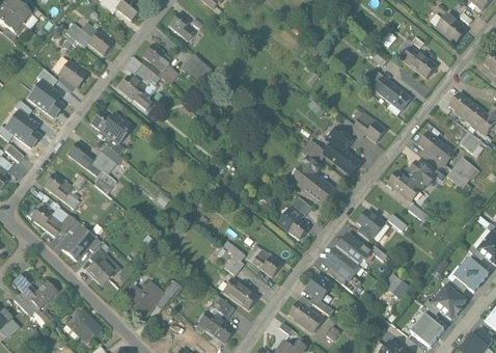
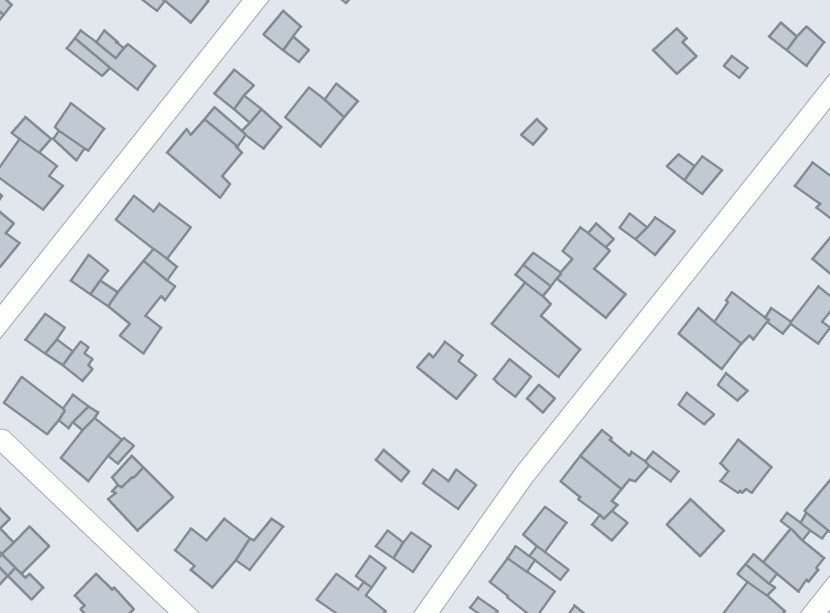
building: [402,46,437,78] -> none
building: [419,131,454,165] -> none
building: [278,209,309,239] -> [417,342,476,399]
building: [358,209,385,237] -> [720,440,772,493]

